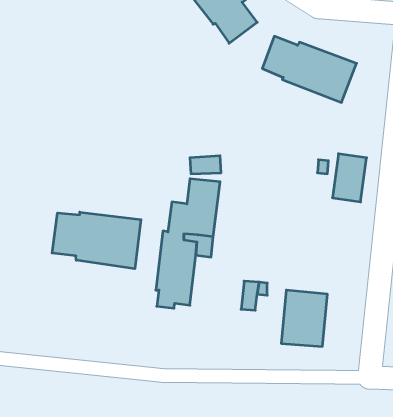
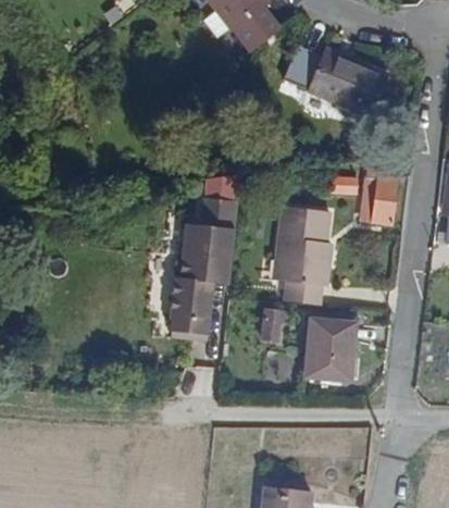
building: none -> [275,207,330,305]
building: [52,212,141,269] -> none

